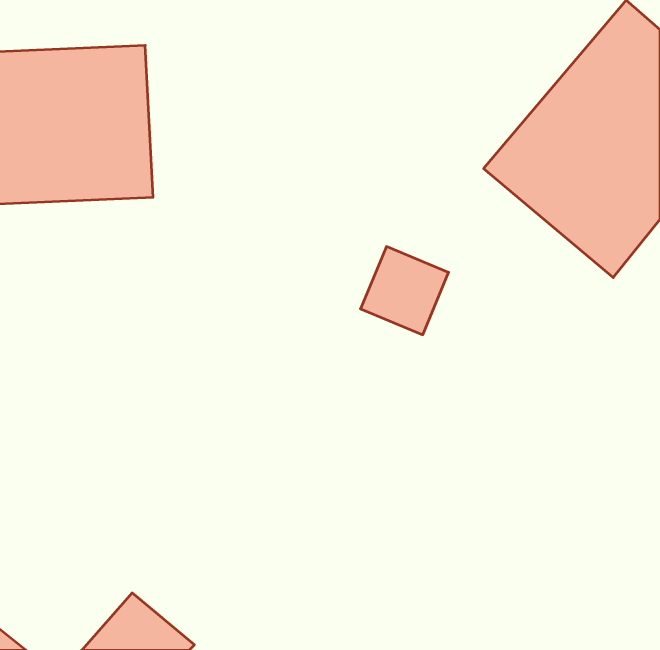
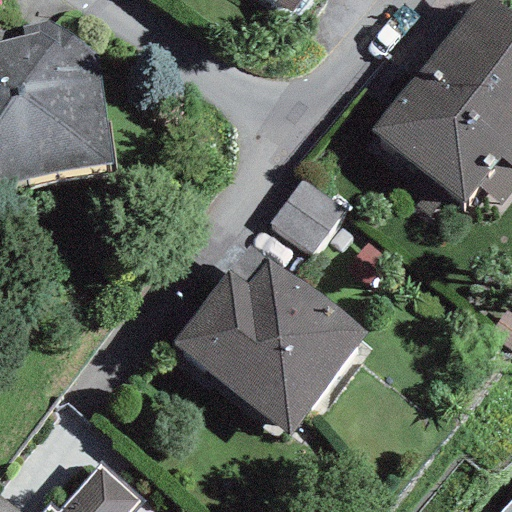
building: none -> [171,243,355,441]

